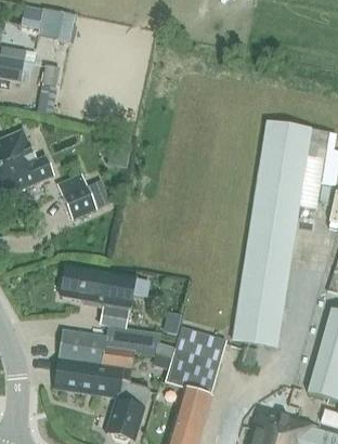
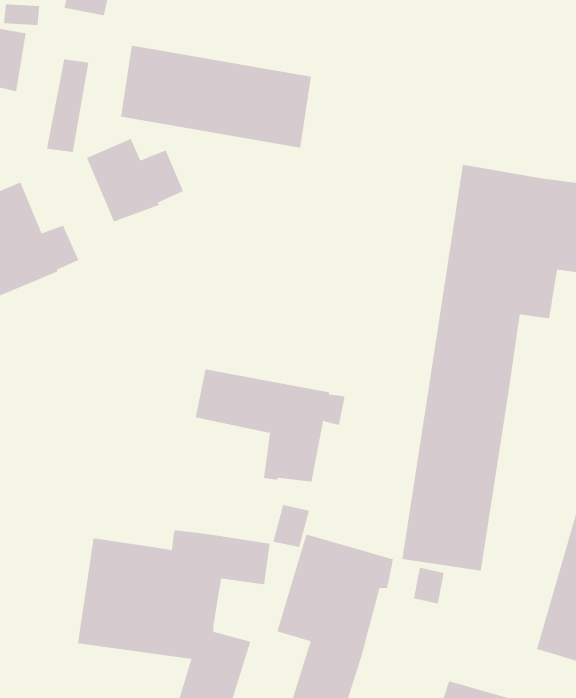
building: none -> [121,45,311,149]
building: [56,173,110,220] -> [86,138,184,222]
building: [61,264,144,327] -> [195,369,345,482]

